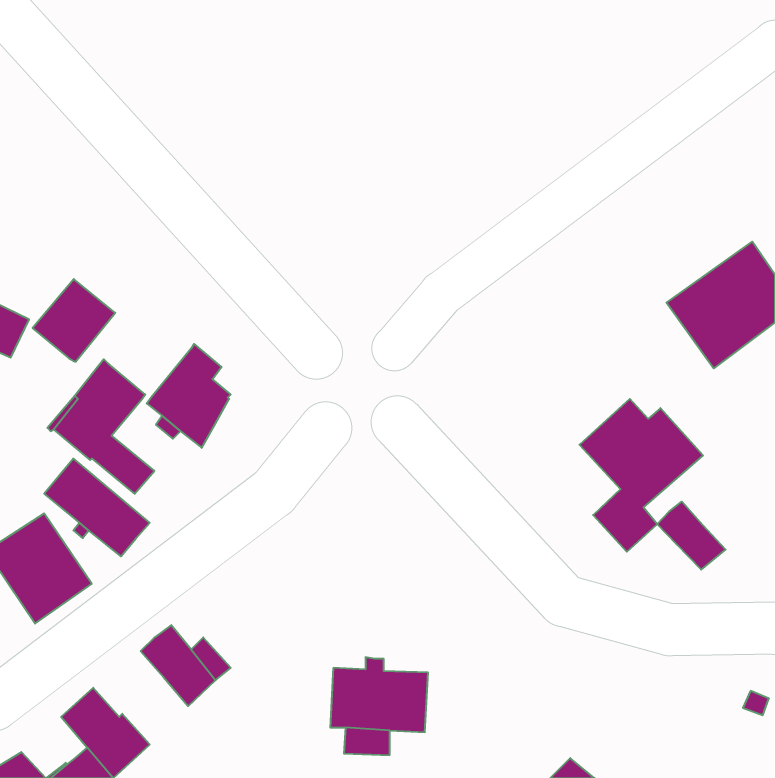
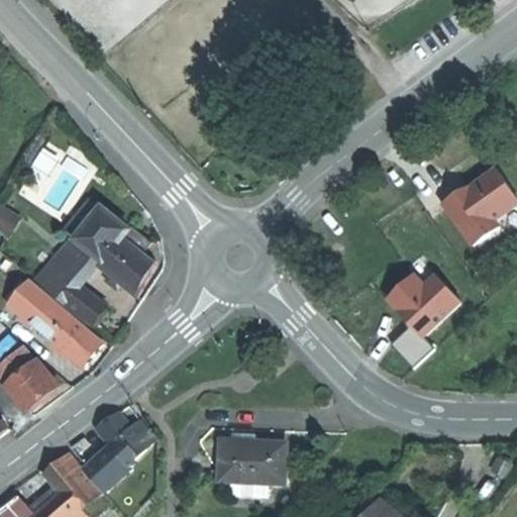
building: [33,279,115,362] -> [72,208,126,263]
building: none -> [7,285,48,326]
building: [657,502,726,570] -> none
building: none -> [81,447,126,493]

